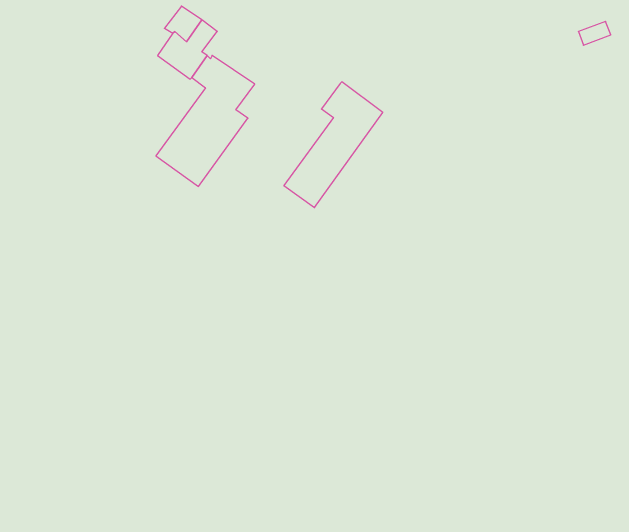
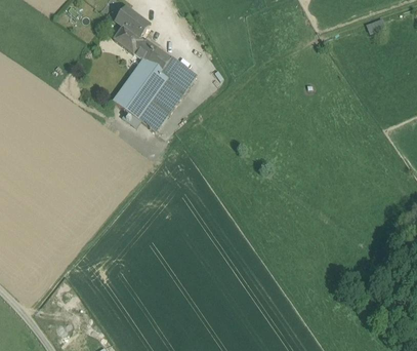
building: [284,82,383,208] -> [137,56,197,132]

